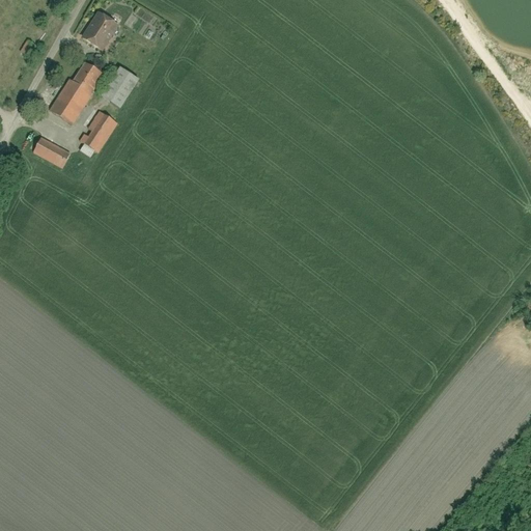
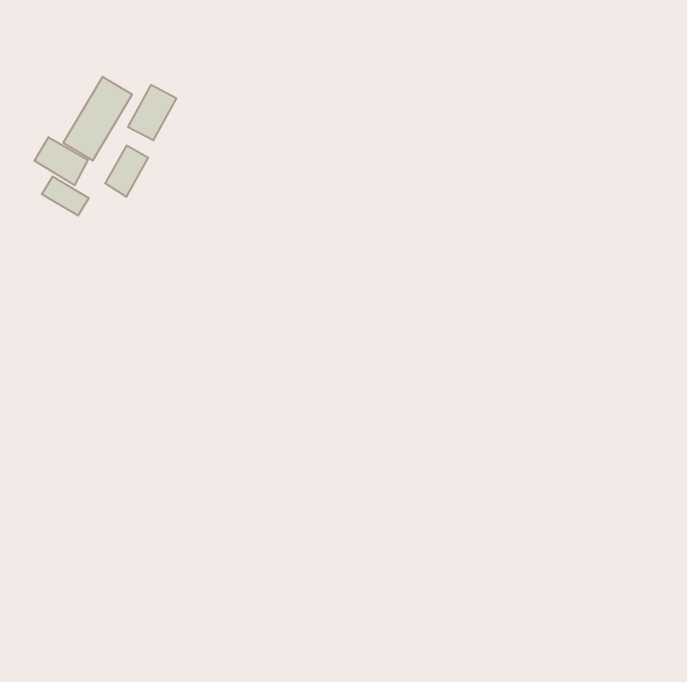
building: [81,10,117,49] -> none
building: none -> [34,137,88,185]

